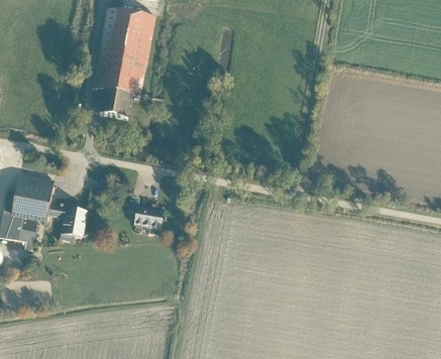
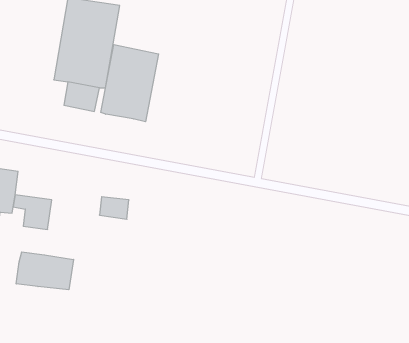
building: none -> [101,45,159,122]
building: none -> [16,252,74,290]

